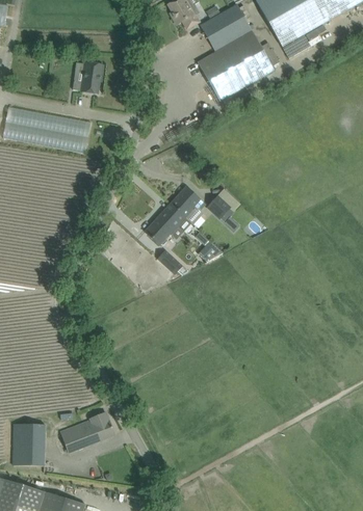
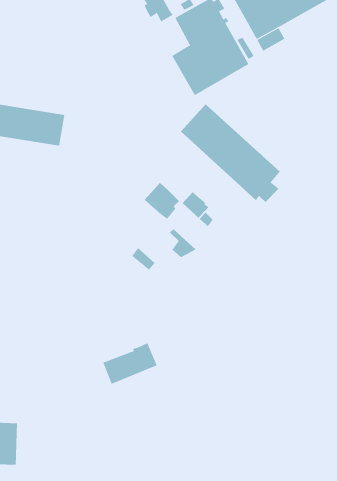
building: [73,62,103,93] -> none
building: none -> [180,103,281,203]
building: [146,205,191,244] -> none
building: [61,412,115,454] -> [103,342,157,385]

